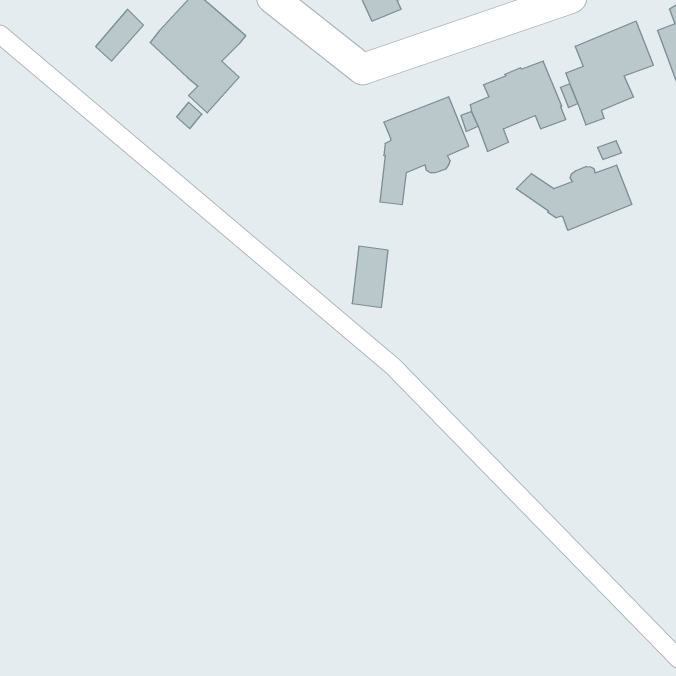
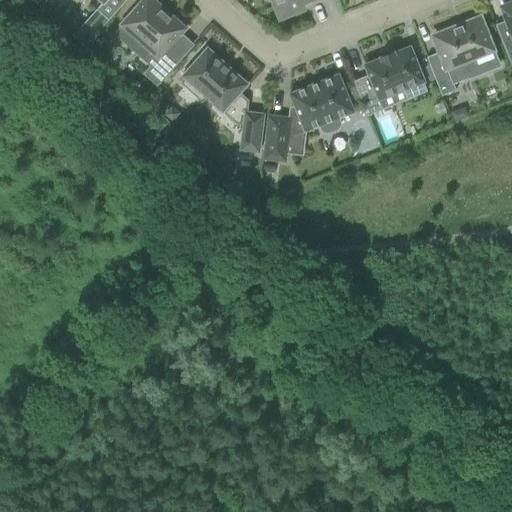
building: none -> [183,47,265,150]
building: [516,165,632,230] -> none
building: [352,246,388,307] -> [265,114,292,160]

